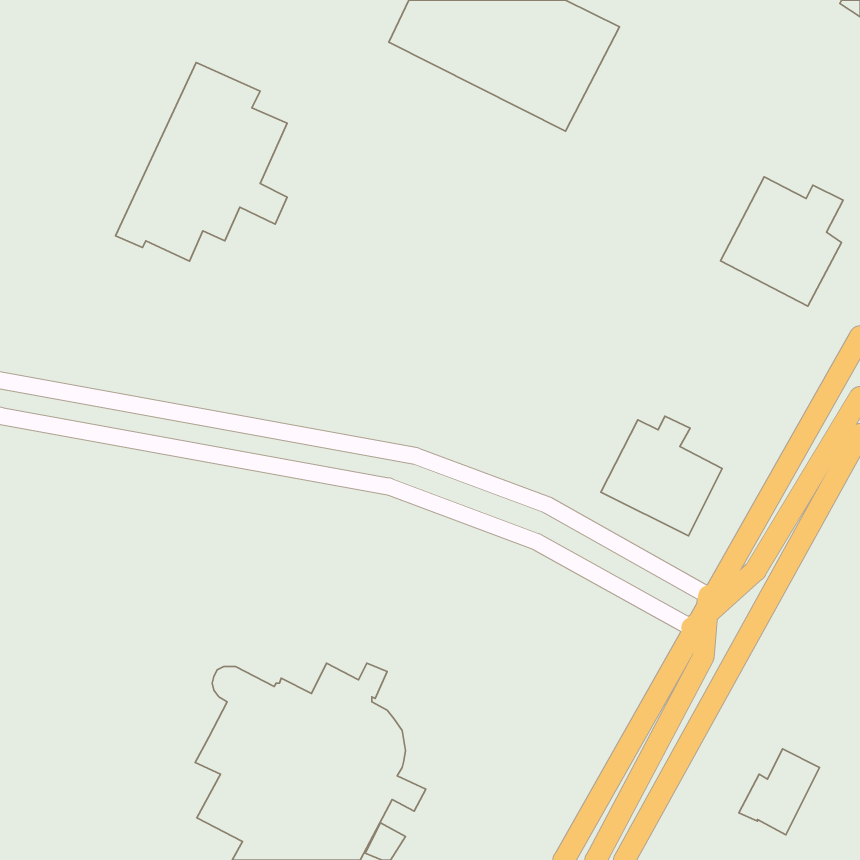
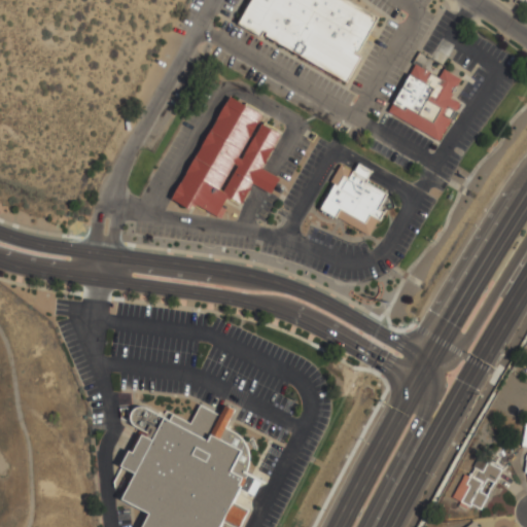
building: [115,62,287,261] -> [175,96,280,217]
building: [720,177,843,306] -> [386,64,461,143]
building: [601,416,722,536] -> [317,164,391,237]

